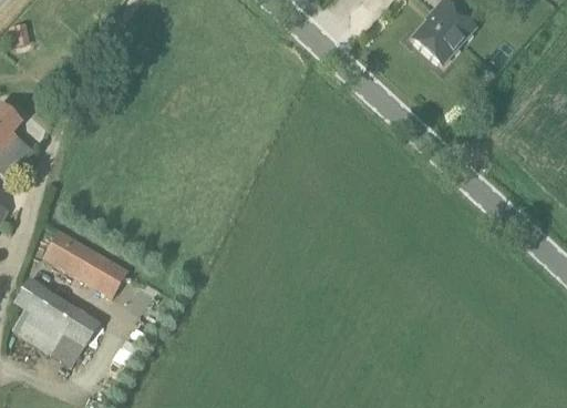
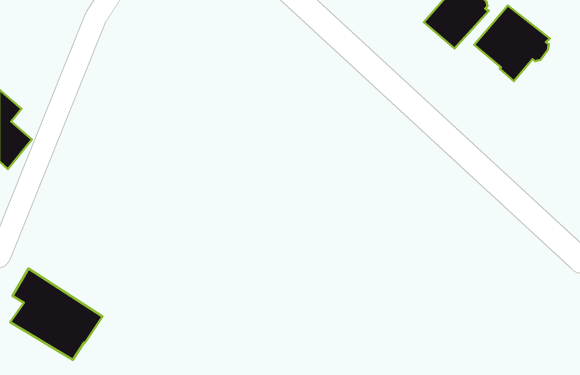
building: none -> [474,6,550,81]
building: [41,228,128,298] -> none

